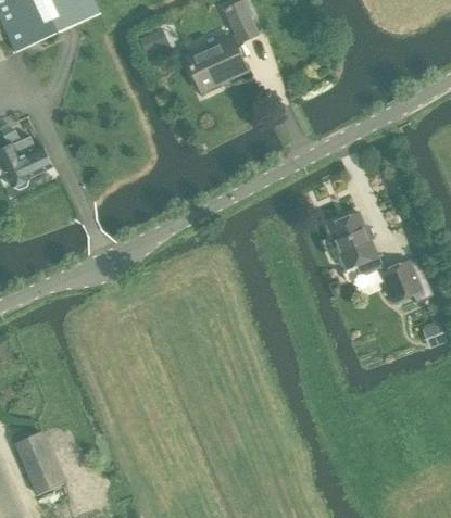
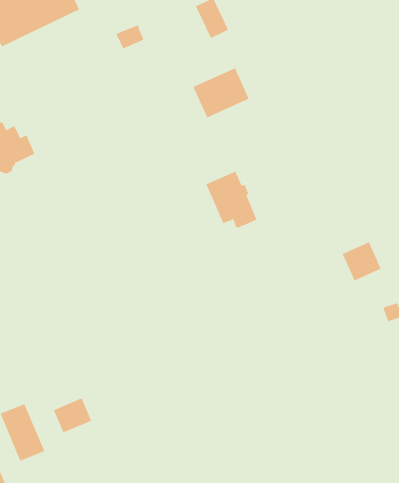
building: [184,36,245,90] -> [193,67,250,118]
building: [325,212,380,273] -> [205,171,257,228]
building: none -> [53,398,92,433]

